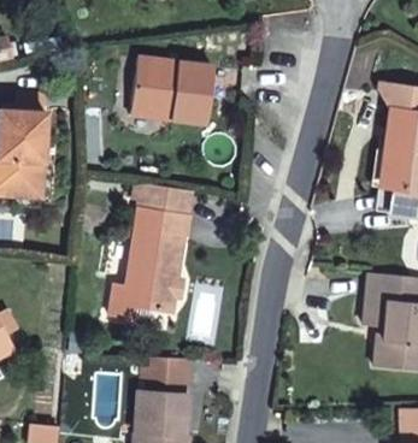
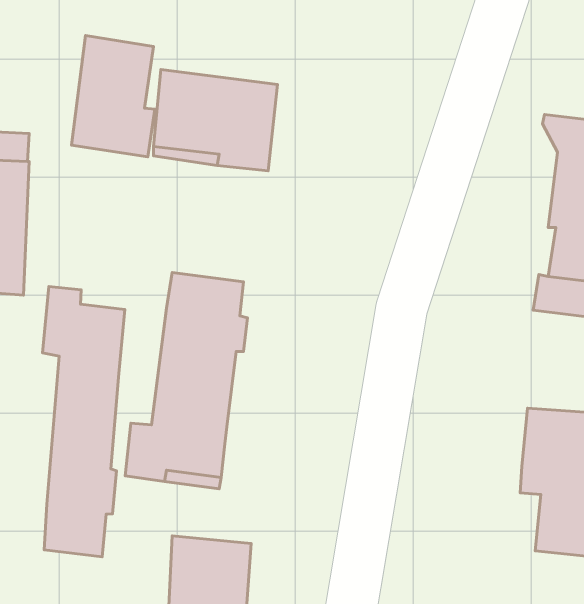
building: none -> [71,36,155,157]
building: none -> [43,286,125,557]

